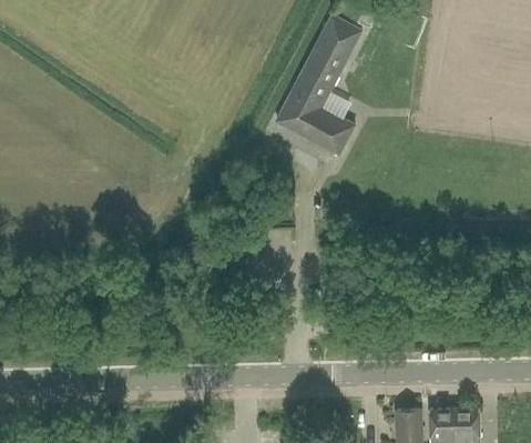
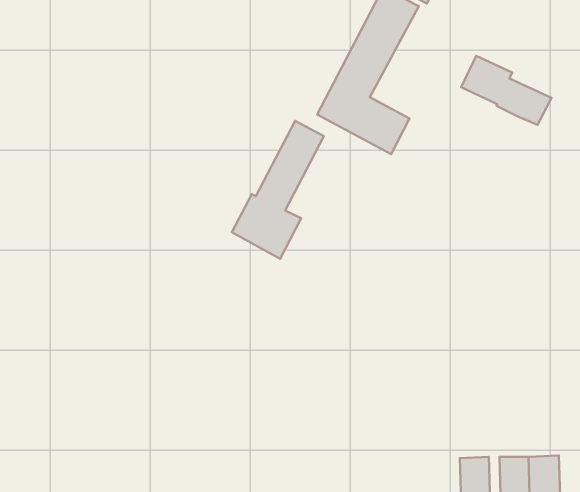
building: none -> [461,56,551,125]
building: none -> [232,121,324,259]

